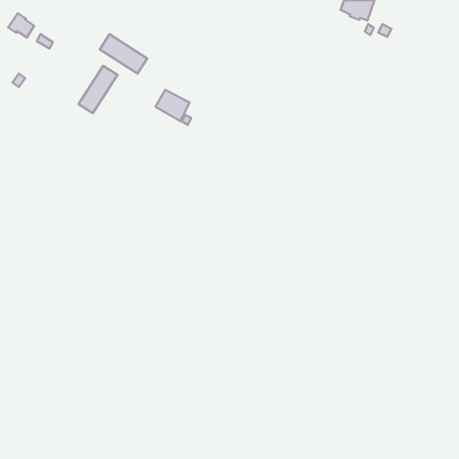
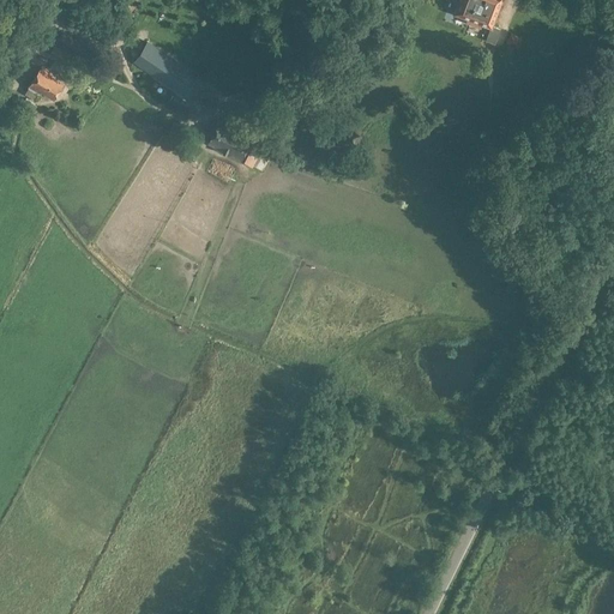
building: [8,13,34,37] -> [29,67,64,100]
building: [79,66,117,113] -> none

